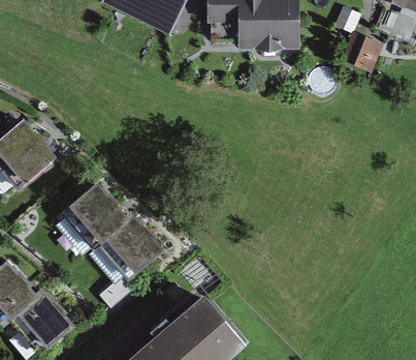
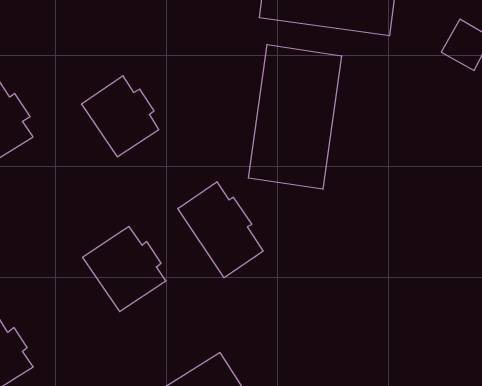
building: none -> [248,44,342,189]
building: none -> [178,182,263,278]
building: [63,182,122,242] -> [81,76,159,157]

